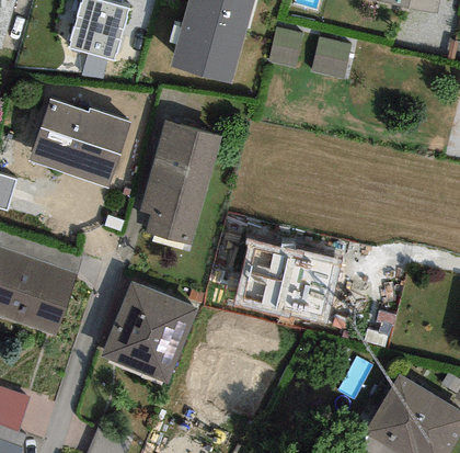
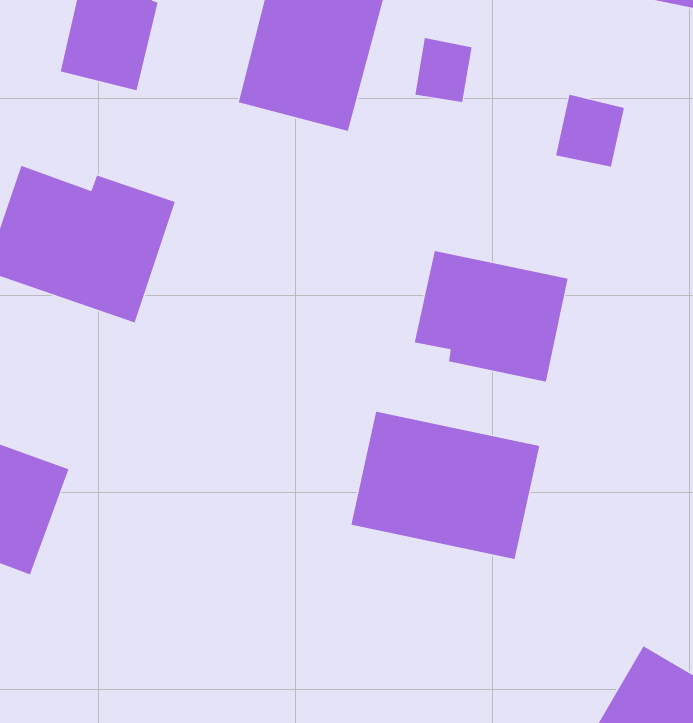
building: [311,36,350,78] -> [555,94,625,168]
building: [137,121,222,244] -> none
building: none -> [414,250,569,383]
building: [100,282,197,383] -> none

